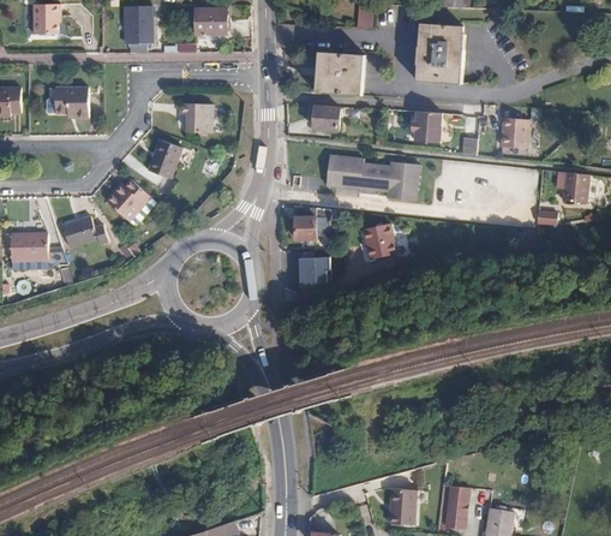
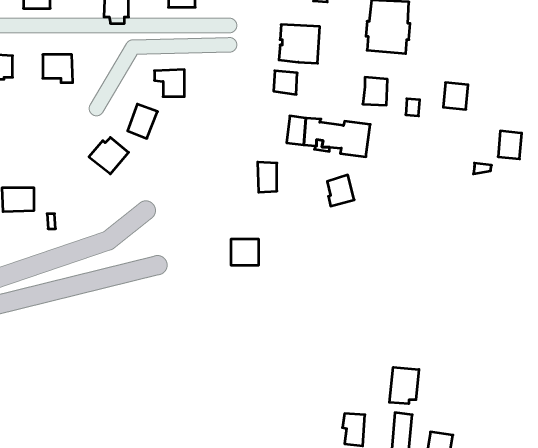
building: [61,216,107,250] -> none
building: [298,256,329,285] -> [231,239,259,265]
building: none -> [389,367,419,404]

